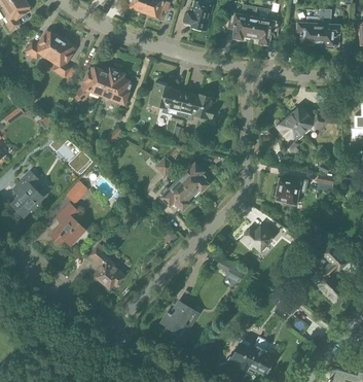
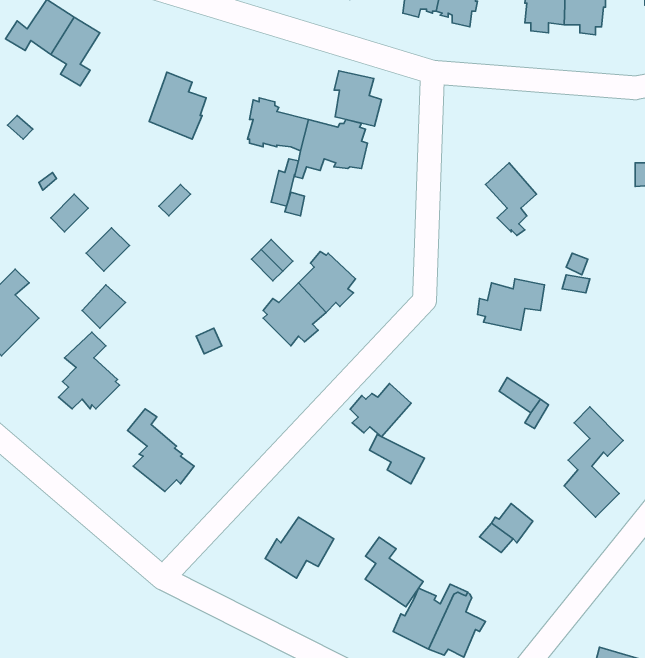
building: [75,67,109,101] -> none
building: none -> [334,71,381,126]
building: [289,106,328,132] -> none
building: [244,222,276,250] -> [350,384,411,437]
building: none -> [365,537,423,607]

